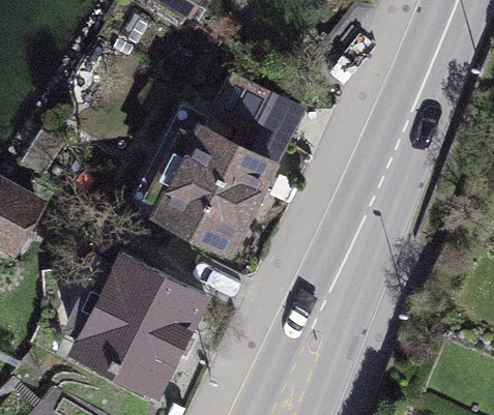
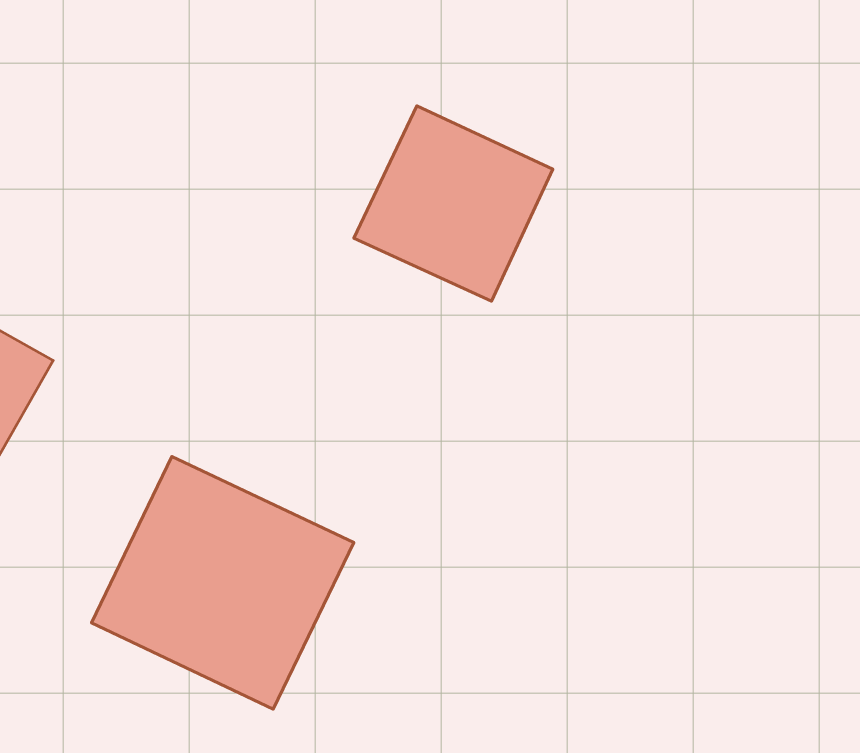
building: [141,142,266,272] -> none

